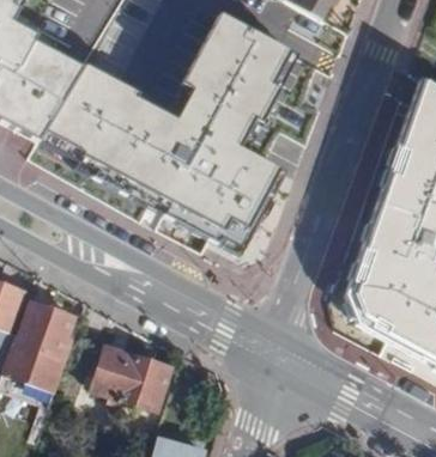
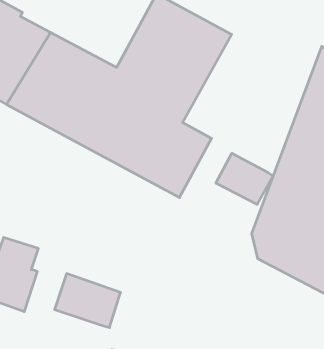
building: none -> [216,153,273,204]

